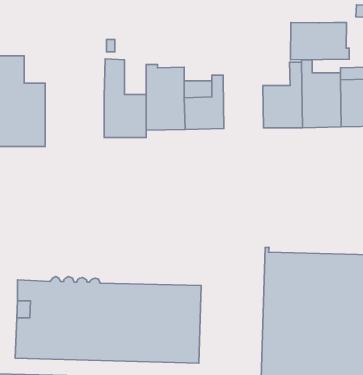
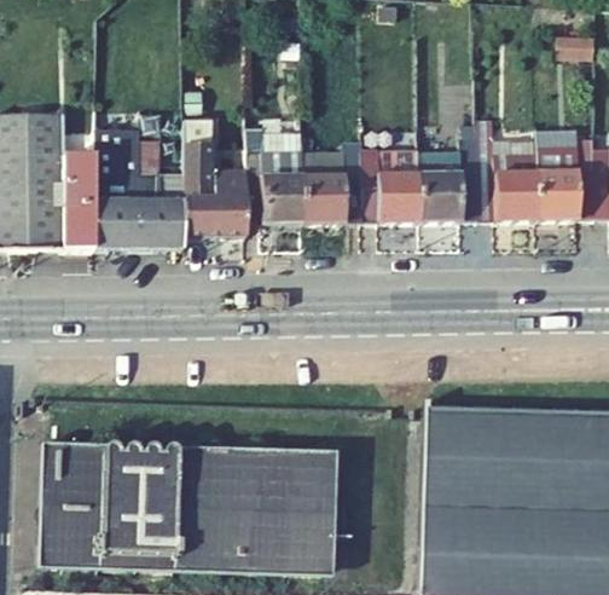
building: [290,22,349,60] -> none
building: none -> [95,111,184,248]
building: none -> [361,149,422,221]

